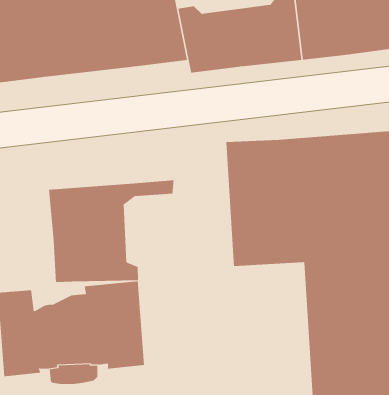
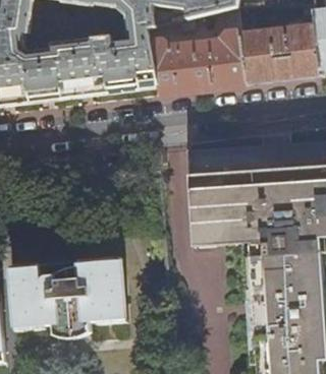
building: [48,180,174,283] -> none

